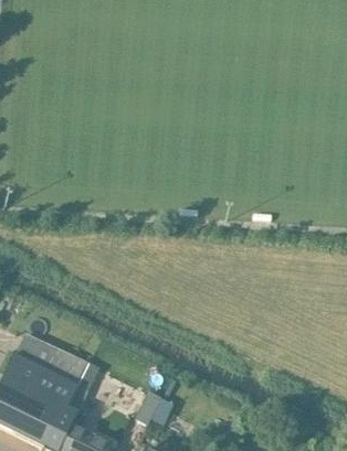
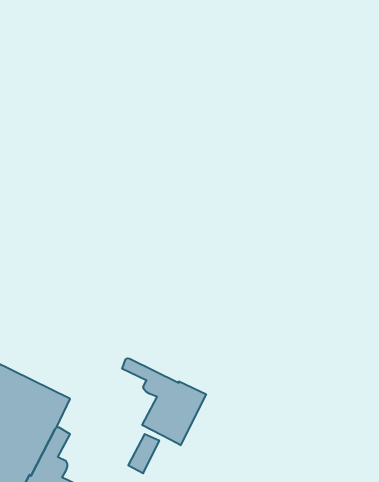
building: none -> [122,358,206,445]

